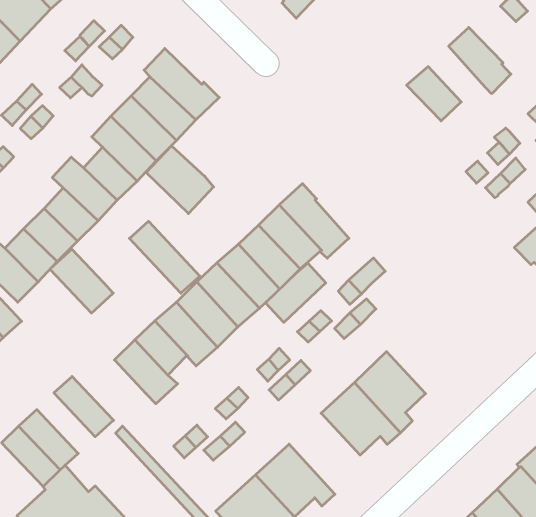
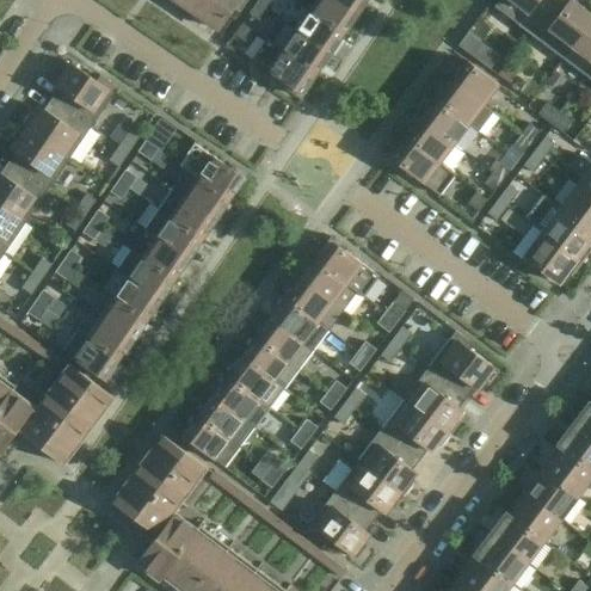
building: none -> [449,60,499,105]
building: none -> [420,99,478,152]
building: none -> [388,138,455,196]
building: [146,146,214,214] -> none
building: [129,221,200,293] -> none
building: [50,249,113,313] -> [181,415,239,467]
building: [266,263,326,322] -> none
building: none -> [427,331,498,398]
building: none -> [138,453,192,500]
building: none -> [358,430,420,497]

